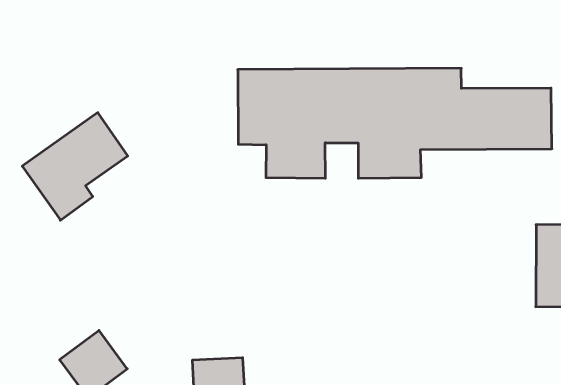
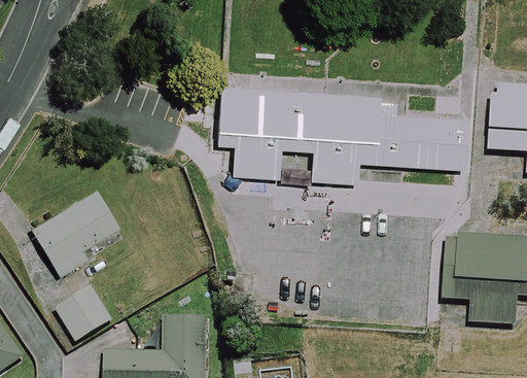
building: [22,113,128,220] -> [30,193,116,278]

